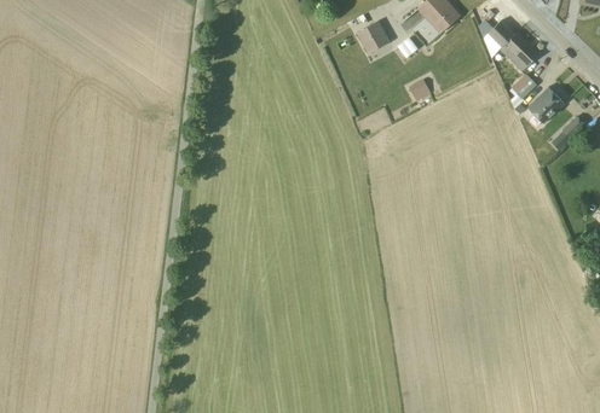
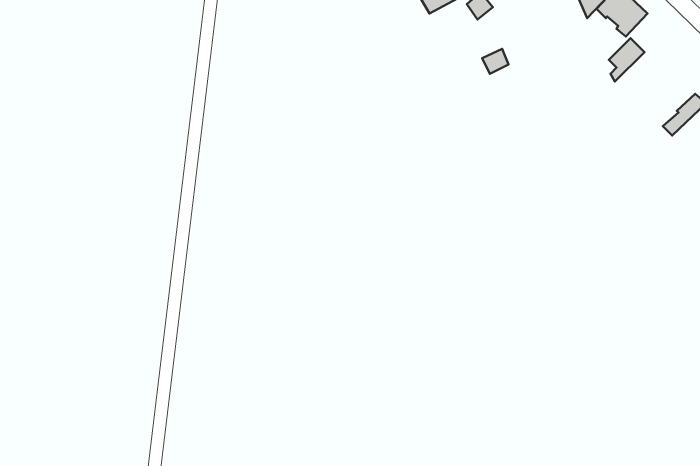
building: [527,87,564,123] -> none

